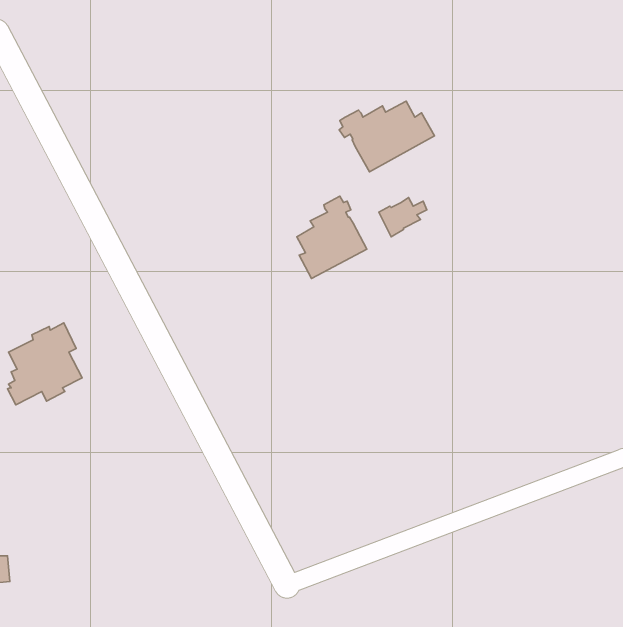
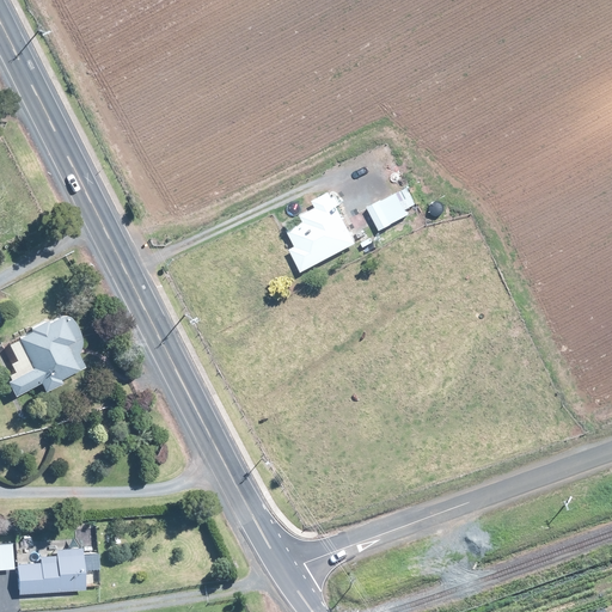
building: [339,101,434,172] -> none
building: none -> [17,547,84,593]

